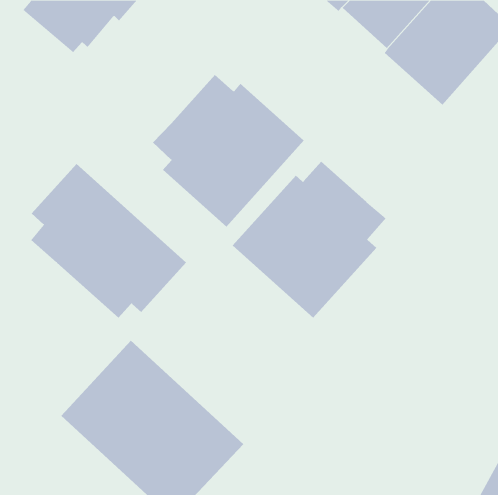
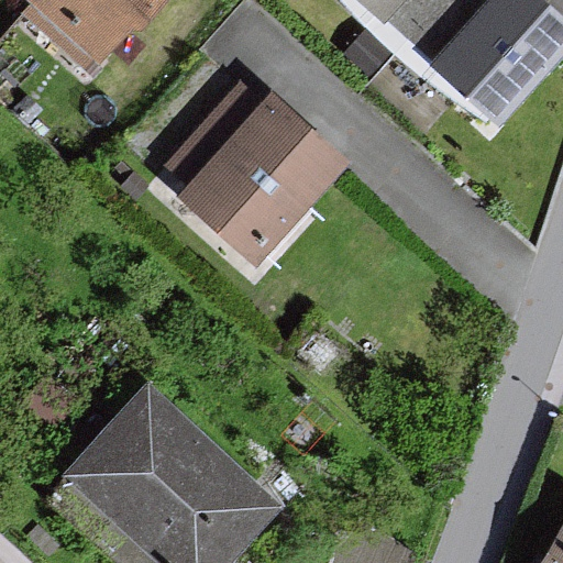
building: [232,161,386,319] -> none
building: [30,163,187,319] -> none

